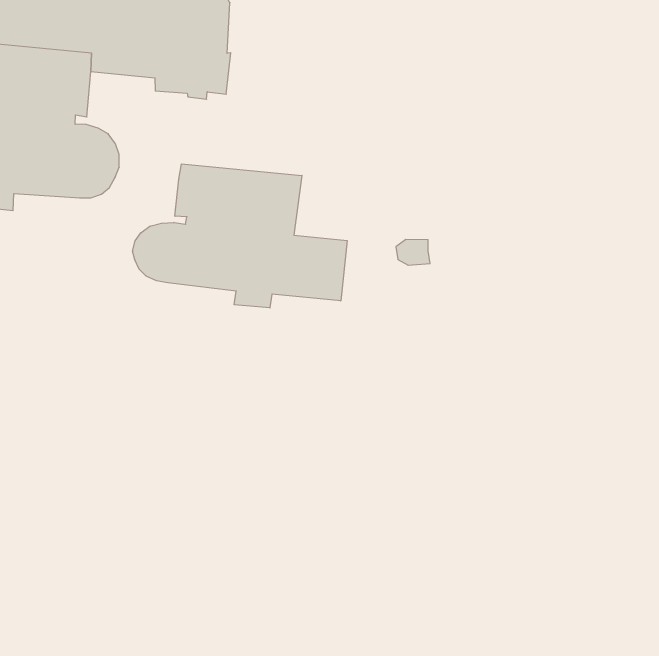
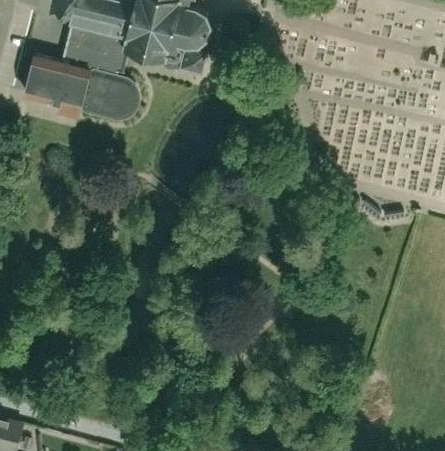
building: [133,164,347,308] -> none

